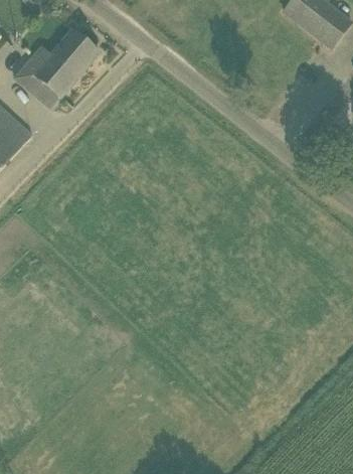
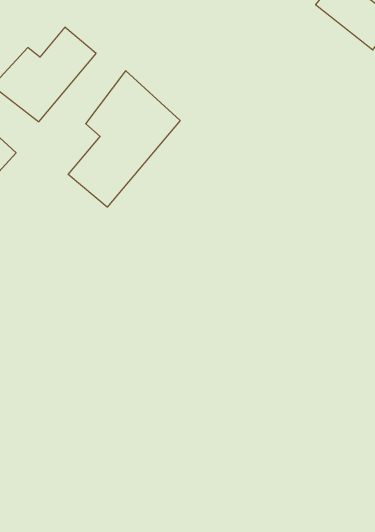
building: none -> [68,71,180,207]

